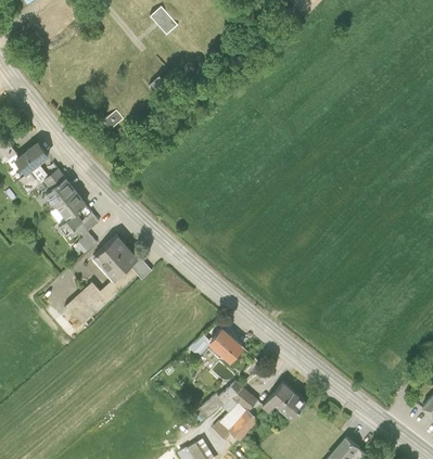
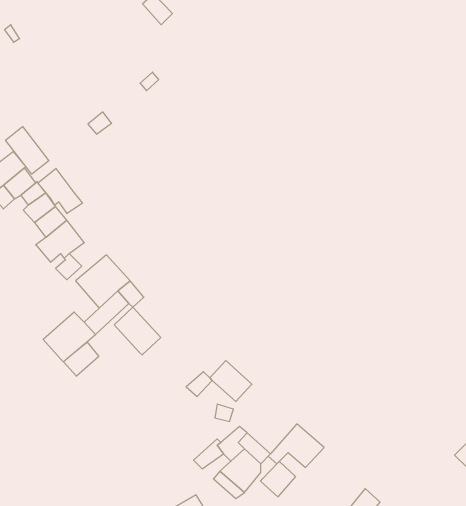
building: none -> [6,127,49,174]
building: none -> [38,168,82,214]
building: none -> [114,307,161,355]
building: none -> [64,342,99,376]
building: none -> [261,461,296,497]

